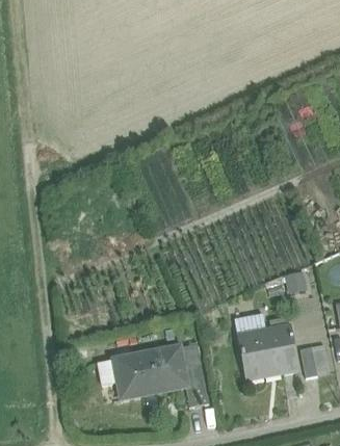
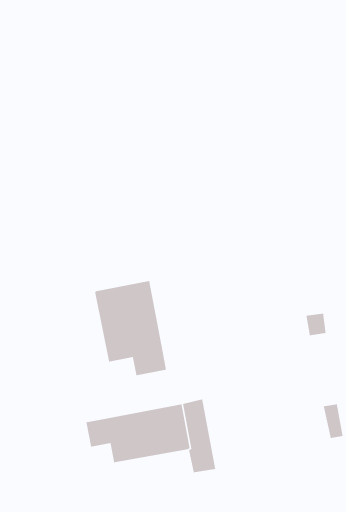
building: none -> [95,280,167,376]
building: [234,314,298,374] -> none

